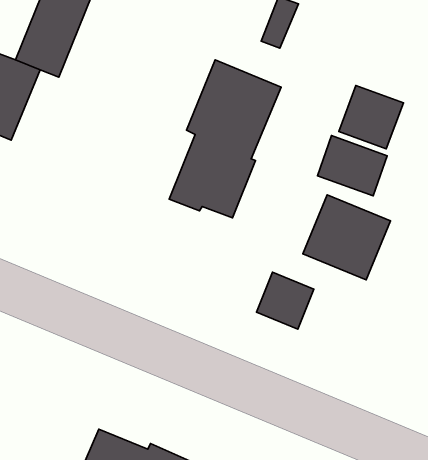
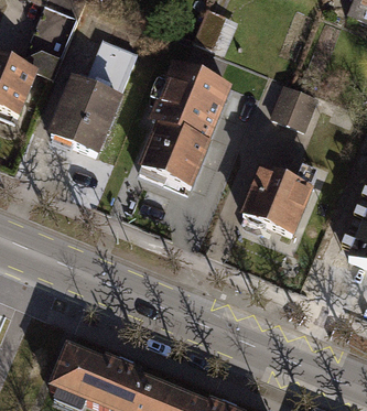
building: none -> [46,41,139,163]
building: [317,136,387,196] -> none
building: [257,272,314,329] -> none

